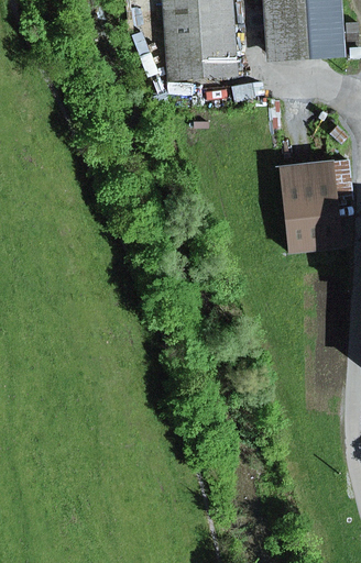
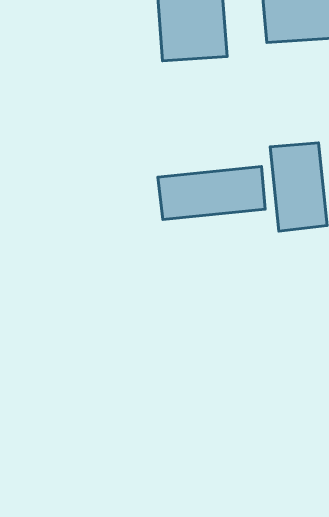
building: none -> [158,167,265,220]

